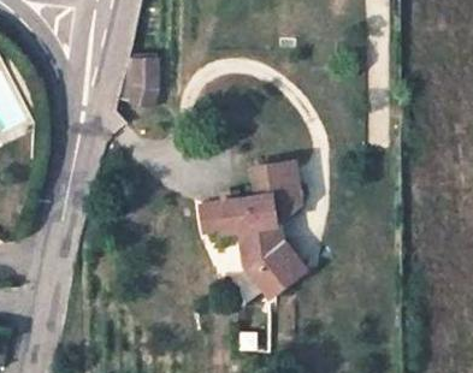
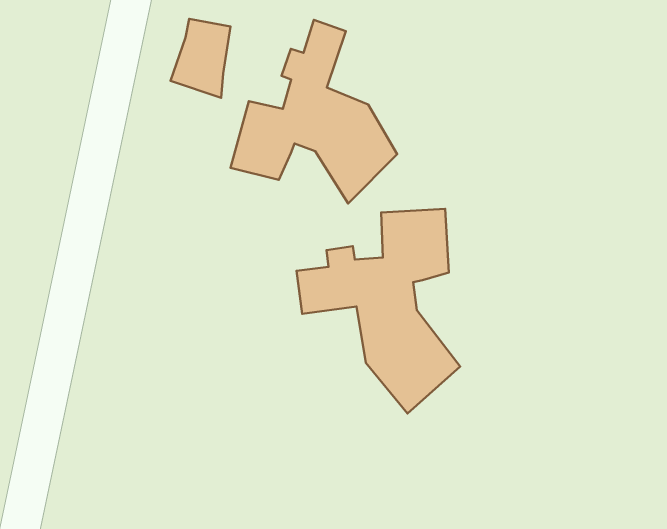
building: none -> [230,20,397,204]

